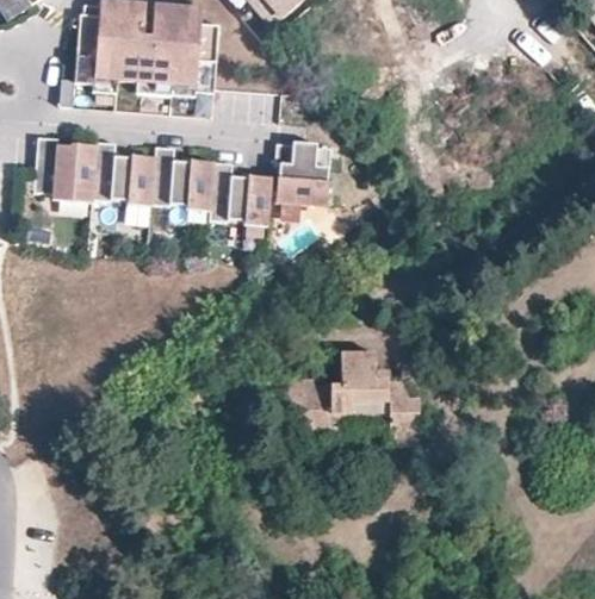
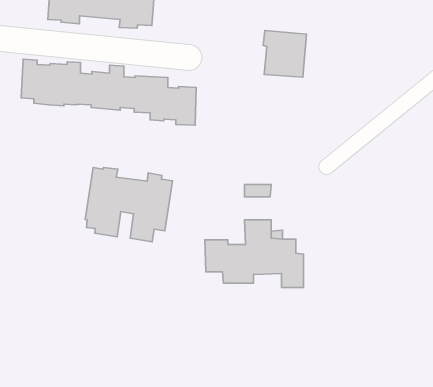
building: [273,143,331,206] -> [263,30,306,77]
building: none -> [85,167,172,242]

